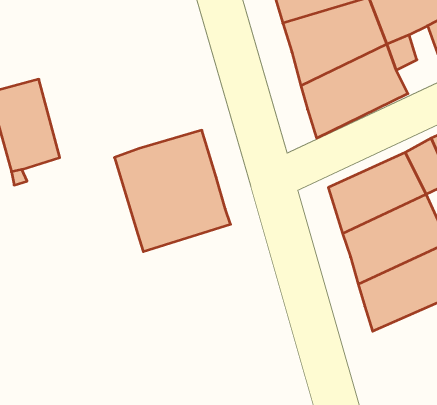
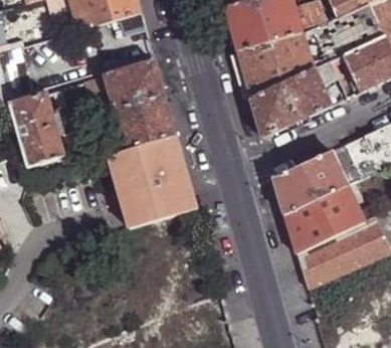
building: none -> [105,62,173,147]

